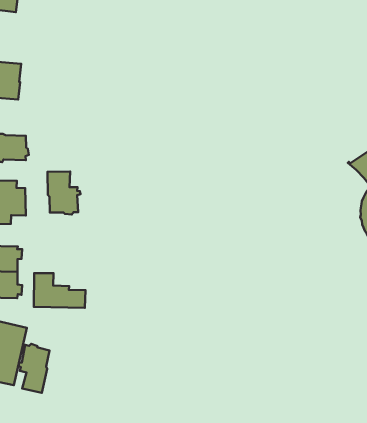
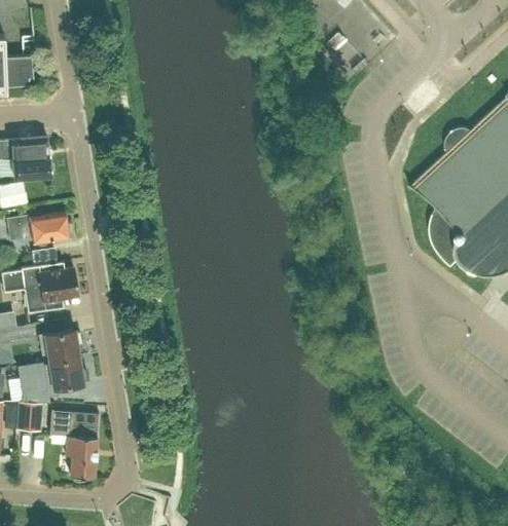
building: [48,172,80,214] -> none
building: [34,273,86,308] -> none
building: [19,344,50,393] -> none

